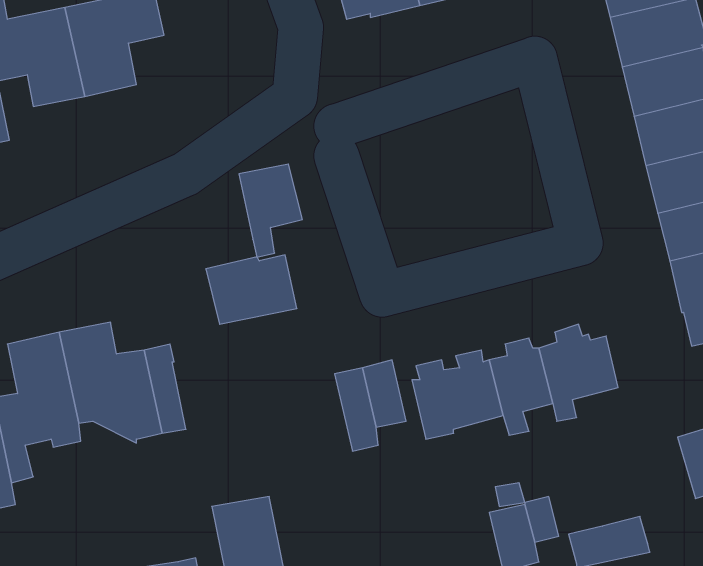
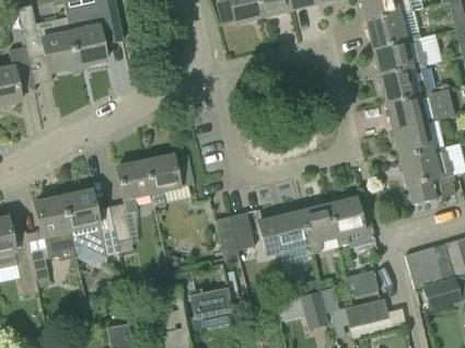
building: [239,164,302,257] -> [117,162,152,213]
building: none -> [346,270,379,298]
building: none -> [189,287,233,320]

